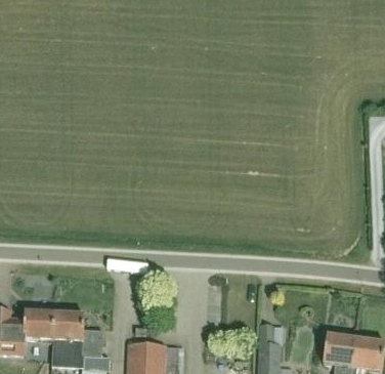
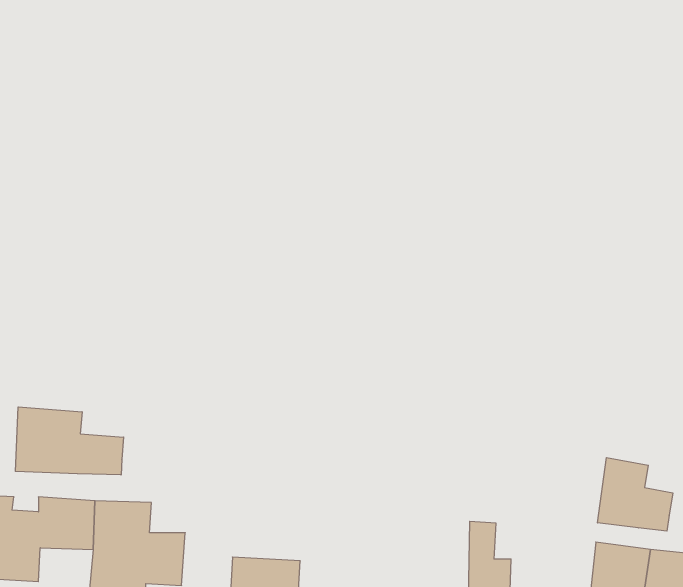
building: none -> [15,407,124,475]
building: none -> [598,458,673,531]

